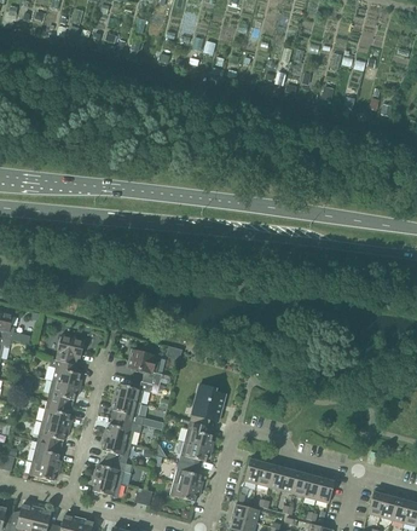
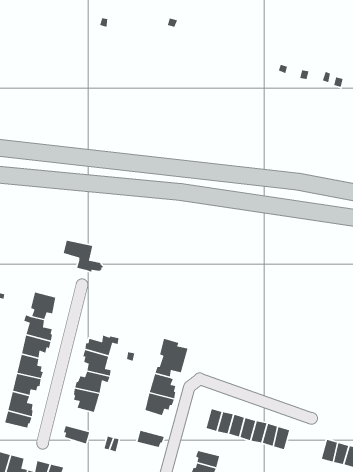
building: [128,352,172,387] -> [63,240,103,273]
building: [94,460,132,485] -> none
building: [174,462,203,490] -> none

